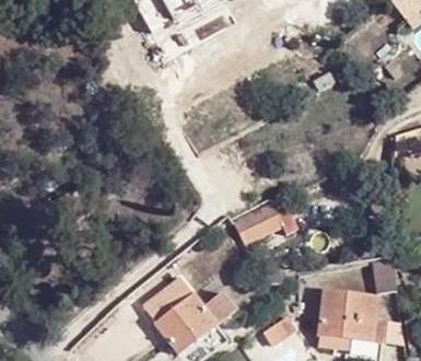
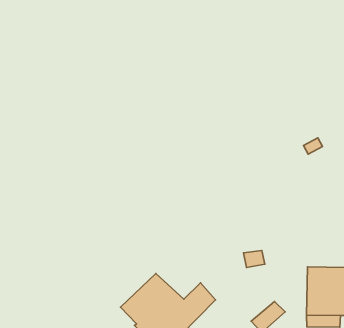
building: [234,197,299,243] -> none

